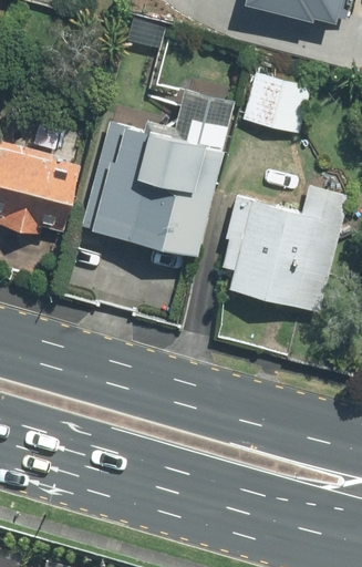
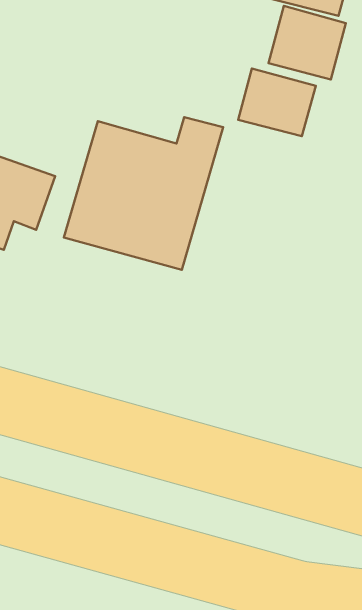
building: none -> [269,6,346,79]
building: [228,188,349,307] -> none

